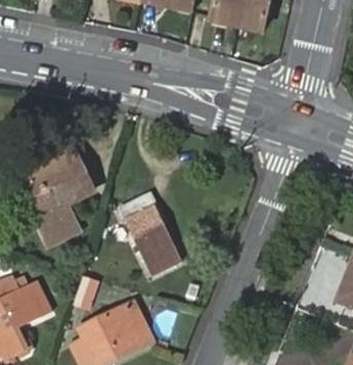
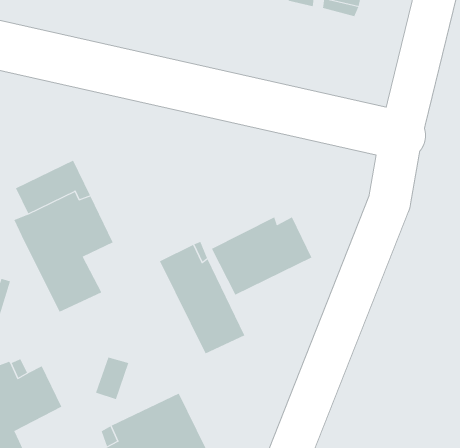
building: none -> [211,216,312,296]

